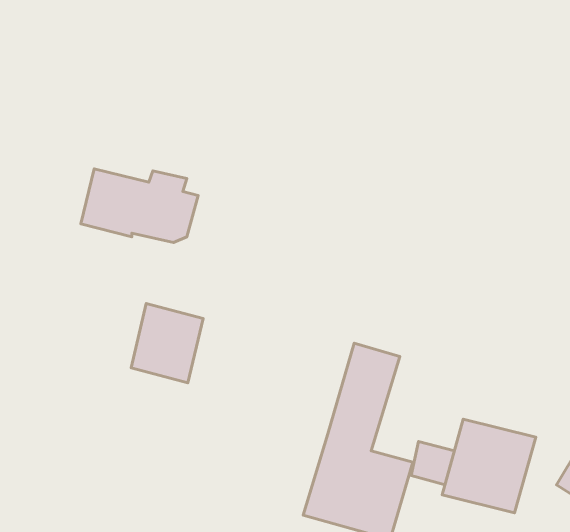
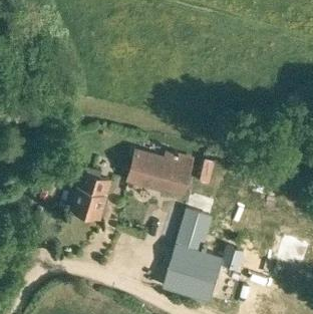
building: [81,169,198,243] -> [127,153,190,193]
building: [442,419,536,513] -> none

